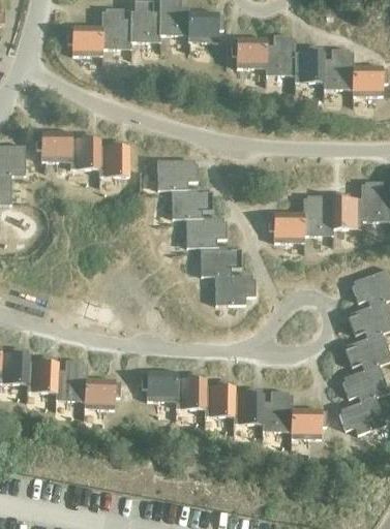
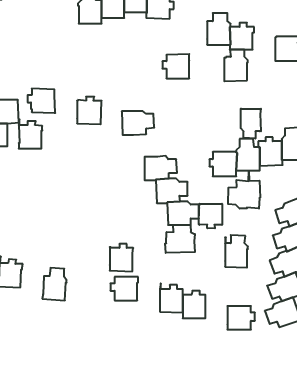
building: [66,24,101,55] -> none
building: [231,36,265,67] -> [162,54,189,78]
building: [323,49,353,89] -> [224,50,248,81]
building: [70,131,100,168] -> [19,119,42,149]
building: none -> [241,109,261,139]
building: [171,188,211,218] -> none
building: none -> [228,171,260,209]
building: none -> [199,204,222,228]
building: none -> [165,225,195,253]
building: [27,356,59,392] -> none
building: [176,373,206,408] -> [110,244,133,271]
building: [84,376,119,408] -> none
building: [263,390,292,431] -> [225,235,248,268]

